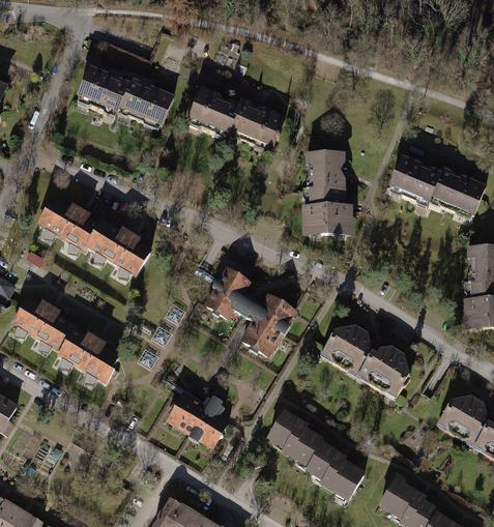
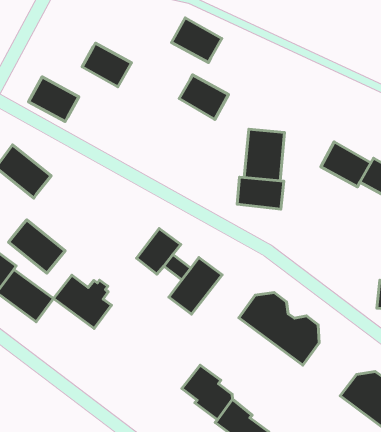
building: [79,68,132,113] -> [28,77,79,122]
building: [185,90,238,135] -> [172,18,222,62]
building: [89,223,150,276] -> [9,220,65,273]
building: [167,391,229,445] -> [54,275,111,328]

